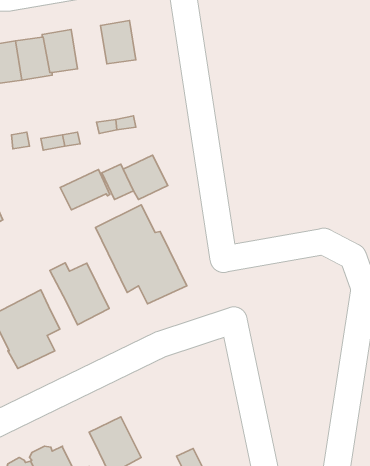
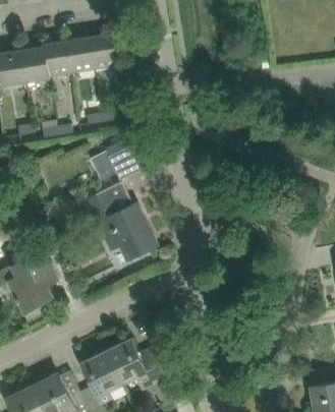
building: none -> [66,38,95,72]
building: [60,169,110,210] -> none
building: [50,263,109,325] -> none
building: none -> [106,339,166,384]

